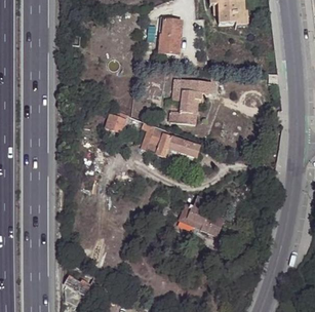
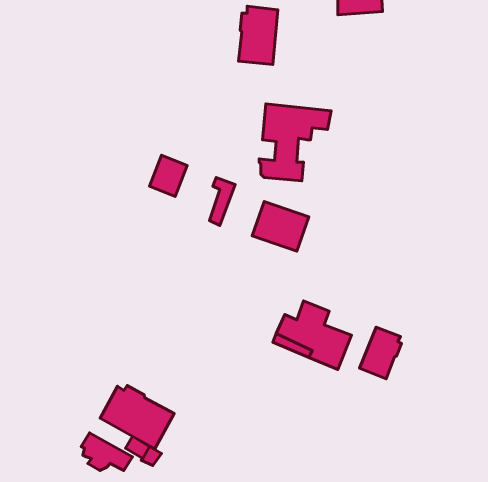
building: [147,126,173,157] -> none
building: none -> [359,327,402,379]
building: none -> [100,385,174,449]

